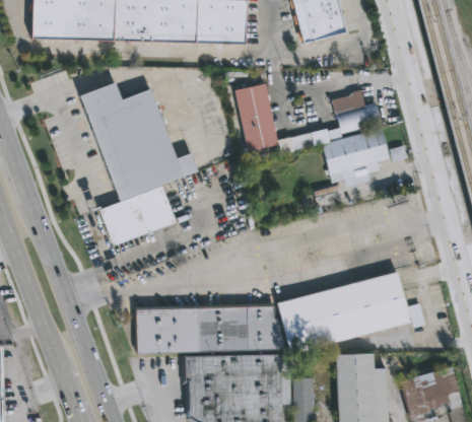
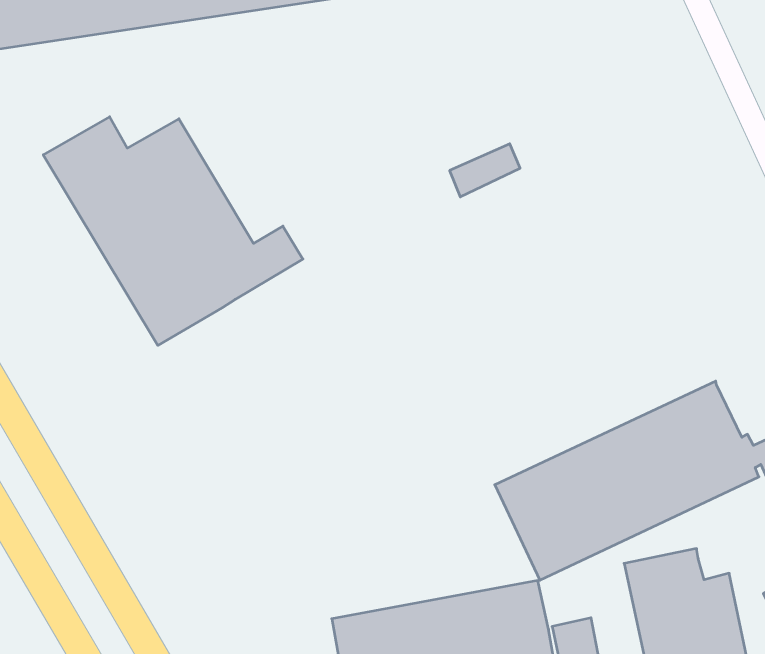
building: [235,83,279,150] -> none
building: [322,89,391,185] -> none
building: [99,186,177,244] -> none
building: [135,305,286,352] -> none

